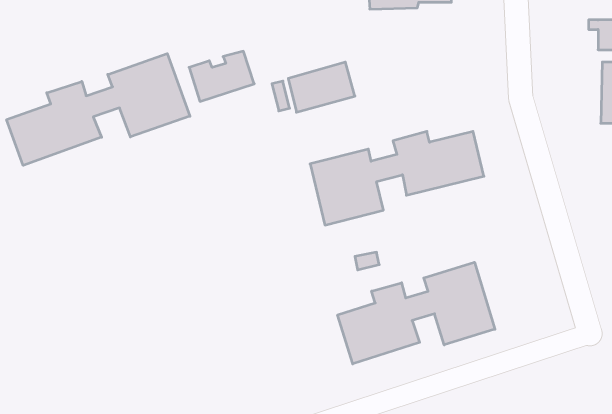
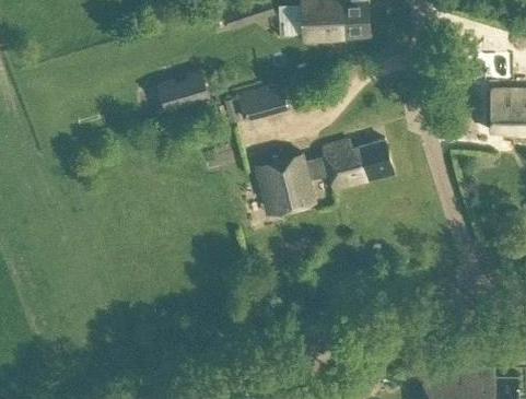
building: [7,54,190,165] -> none
building: [338,262,495,364] -> none

